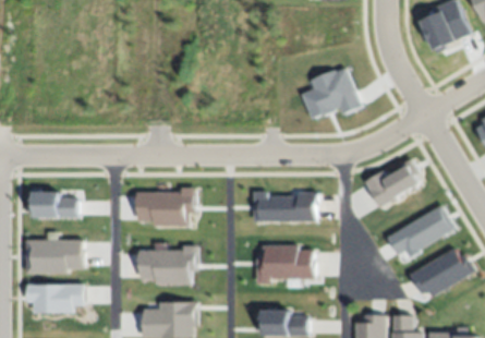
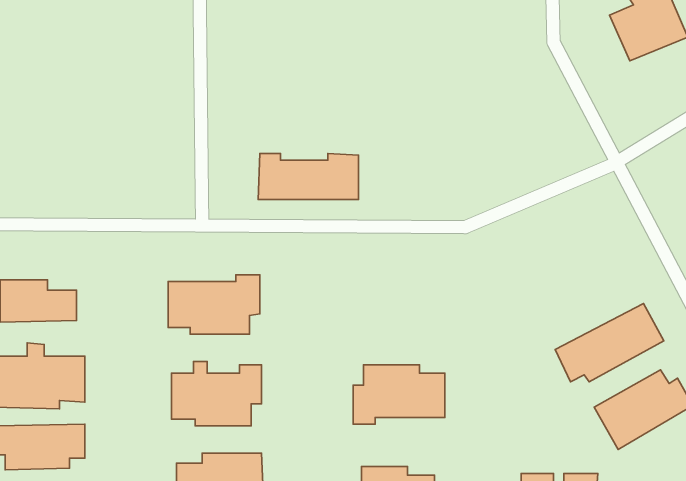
building: [301,67,362,120] -> none
building: [364,161,423,207] -> none
building: [253,192,317,221] -> [258,154,358,199]

